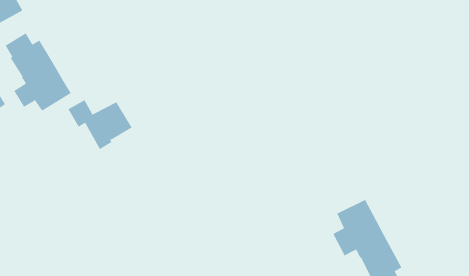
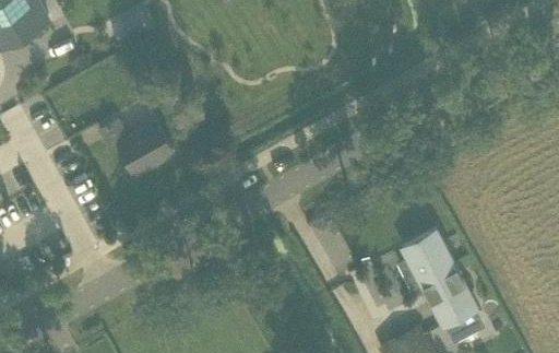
building: [5,32,71,112] -> none

